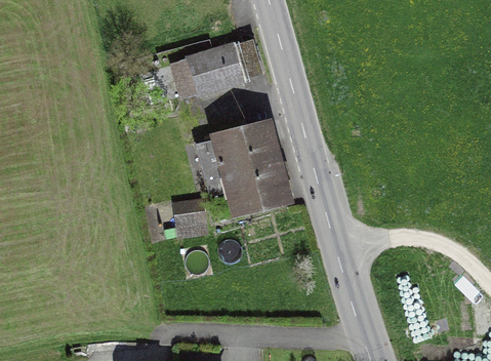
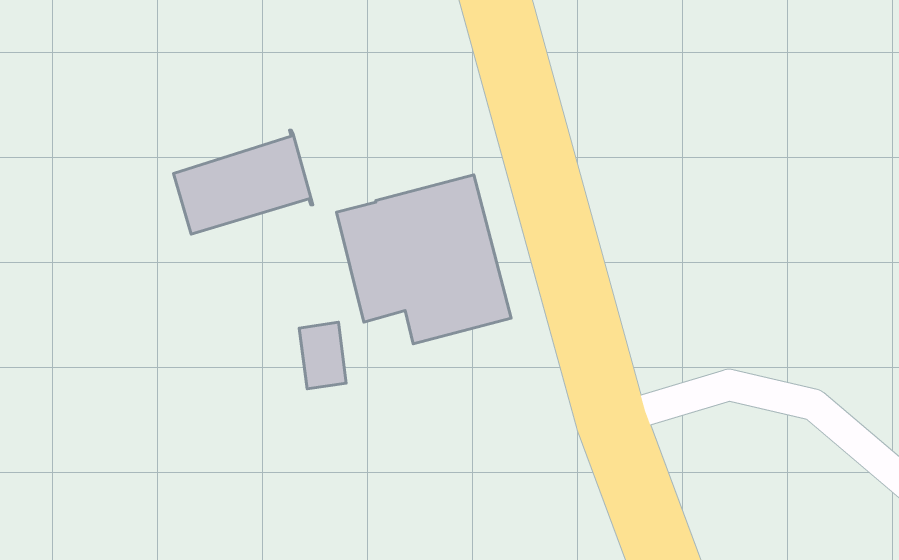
building: [171,44,244,98] -> [174,130,313,234]

